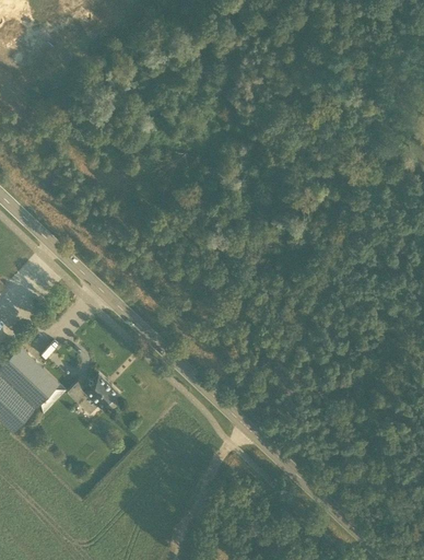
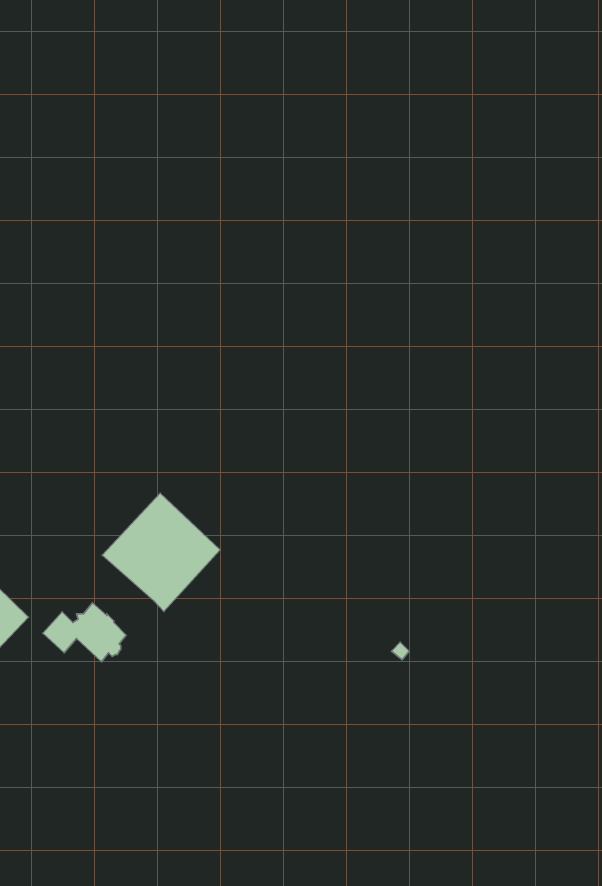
building: none -> [102,493,220,611]

